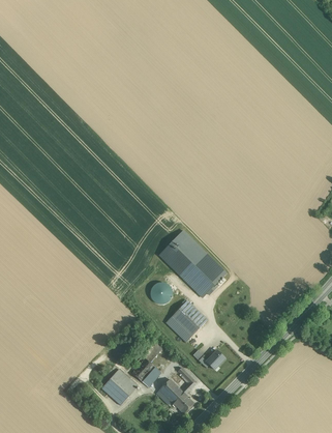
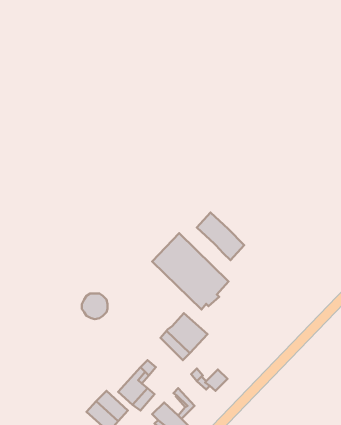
building: none -> [197,213,244,260]
building: [150,282,173,305] -> [82,293,108,319]

